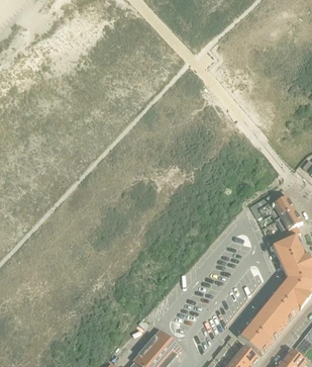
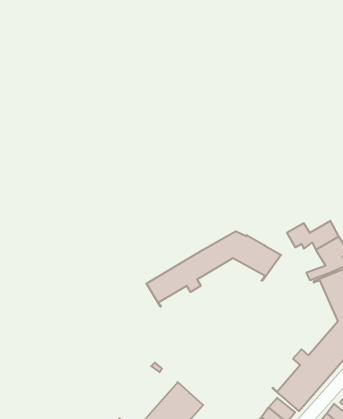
building: none -> [146,231,281,307]

